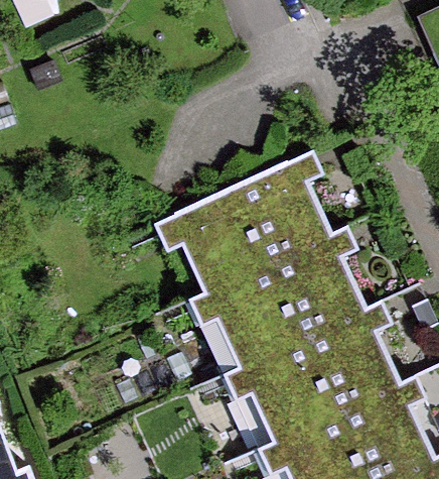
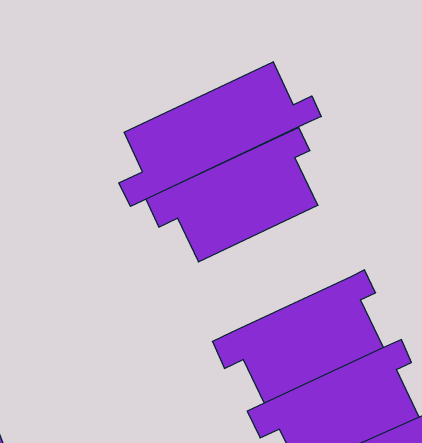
building: none -> [119,62,321,206]
building: [187,227,361,362] -> none

